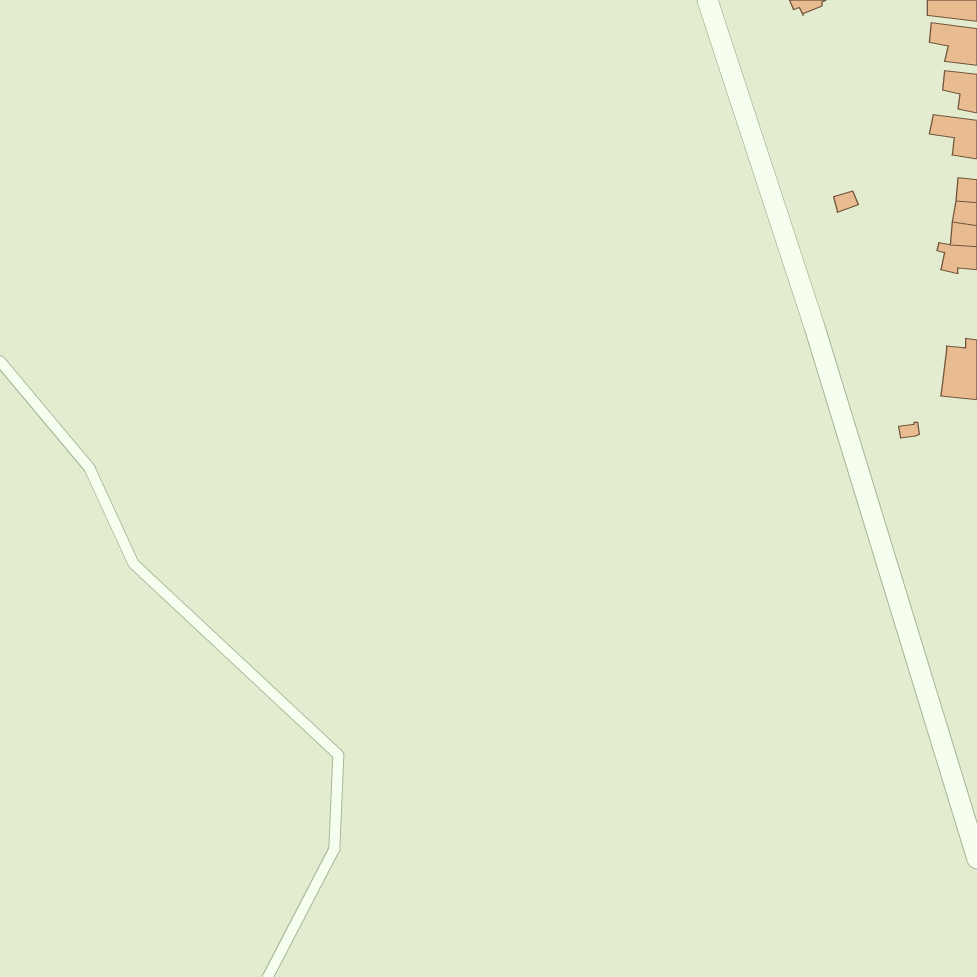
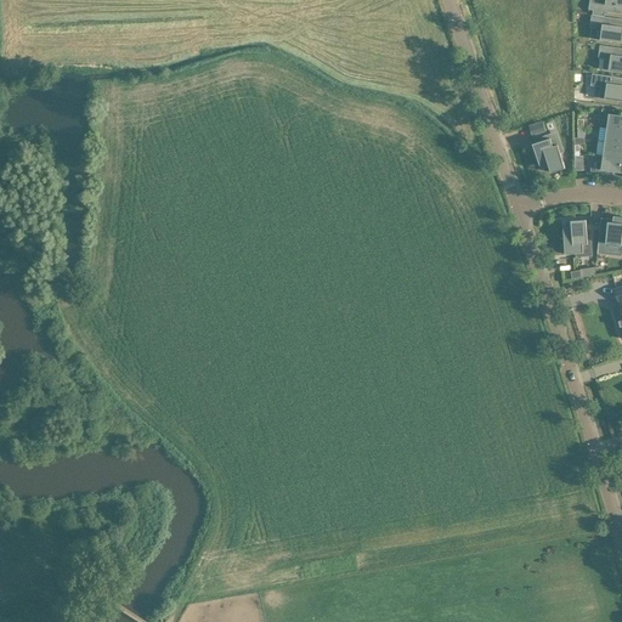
building: none -> [533,137,565,173]
building: none -> [564,219,588,254]

